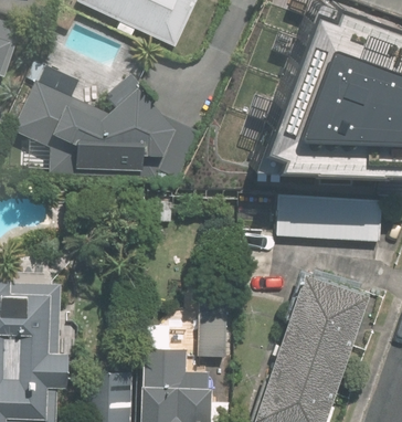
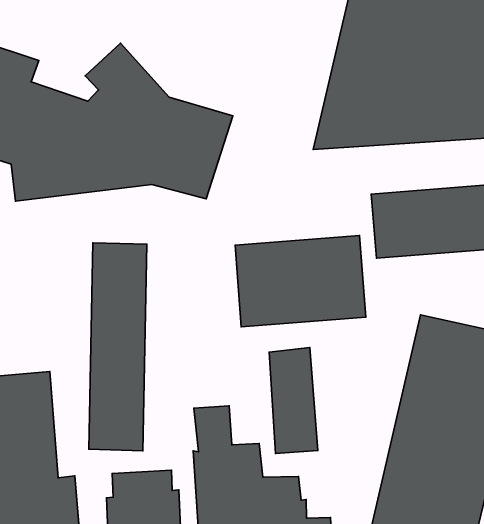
building: none -> [89,243,147,451]
building: none -> [235,235,366,327]

